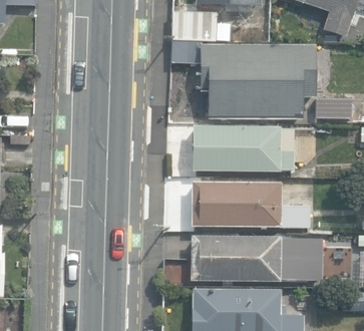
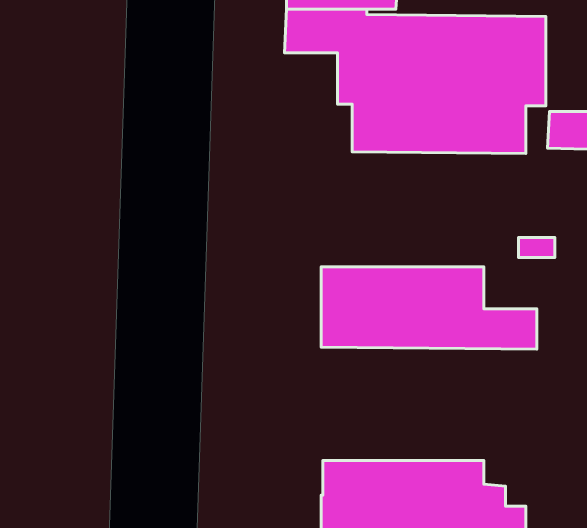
building: [193,124,295,172] -> none
building: [191,237,323,282] -> none

